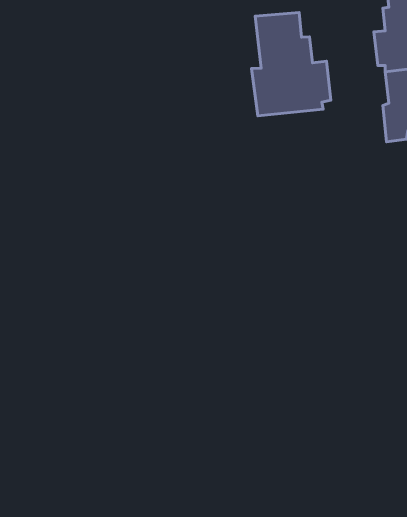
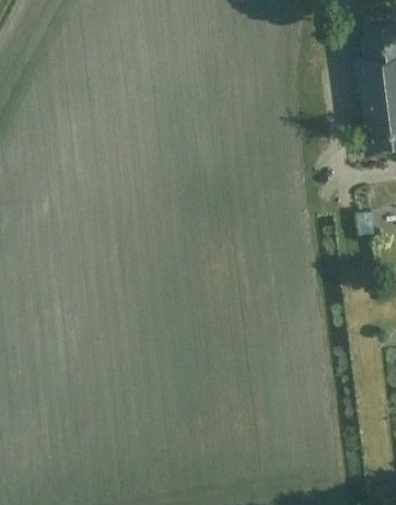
building: [252,13,331,116] -> none

